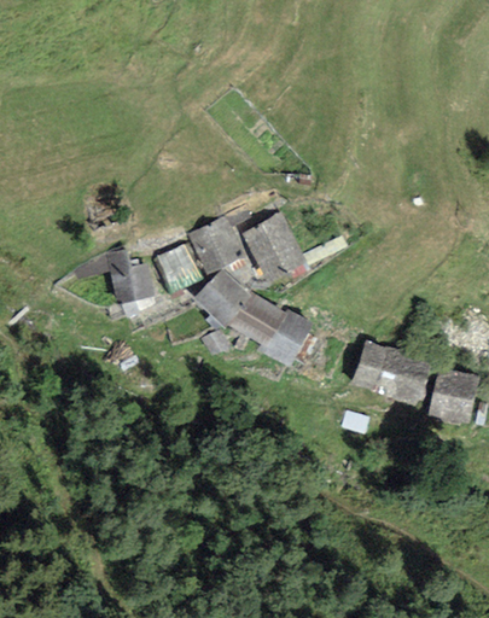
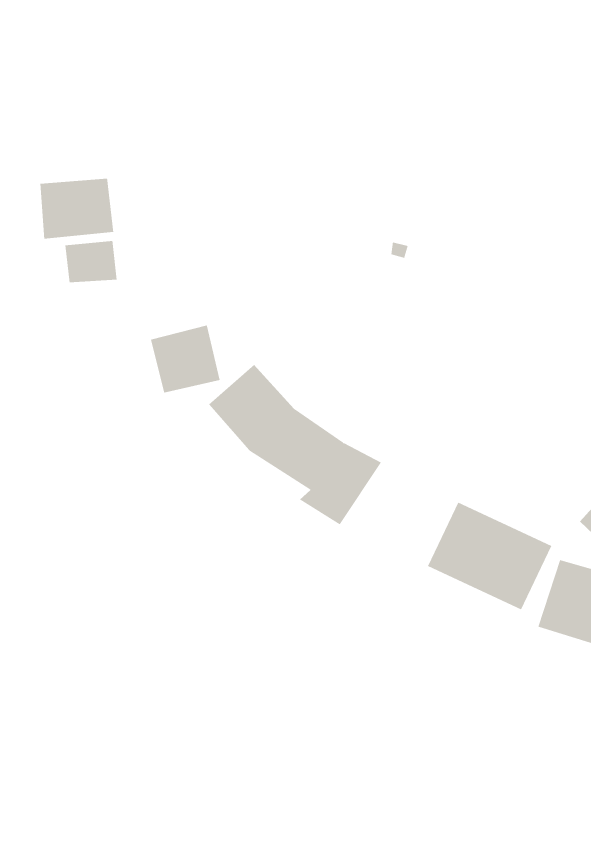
building: none -> [40,178,114,239]
building: [190,206,304,273] -> none
building: [106,250,153,303] -> none

